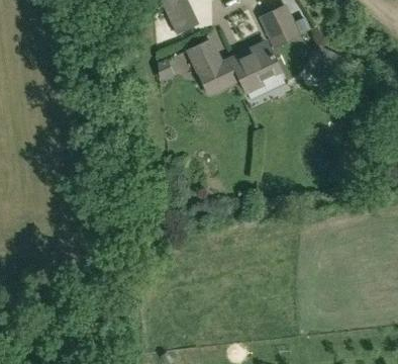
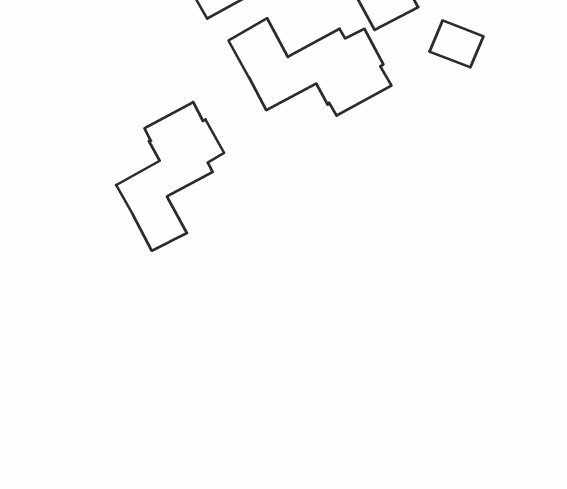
building: none -> [116,102,224,251]

